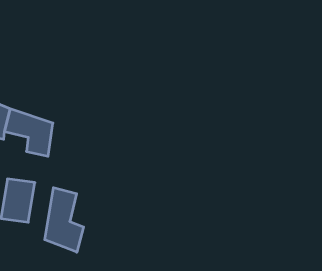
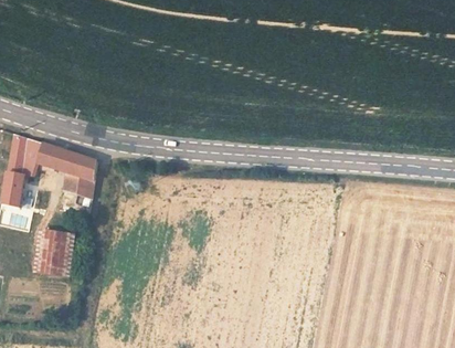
building: [45,188,84,252] -> none

